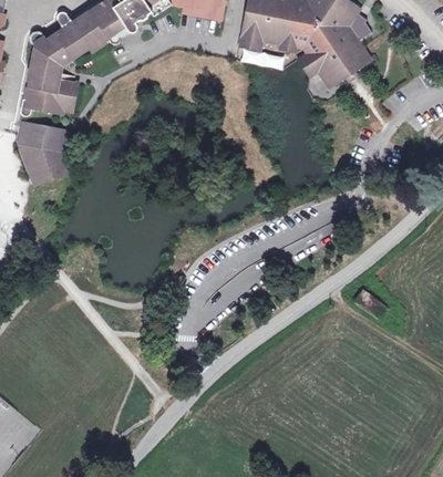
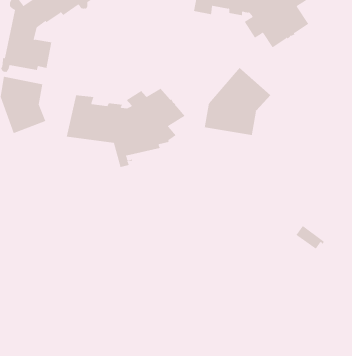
building: none -> [204,67,271,136]
building: none -> [66,88,186,168]

